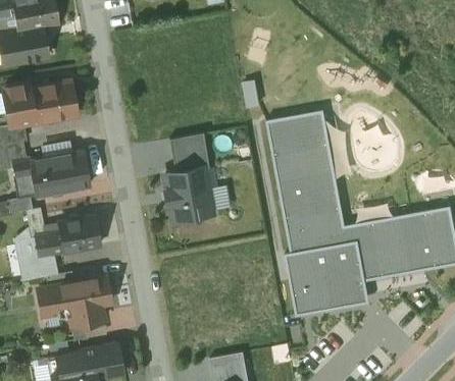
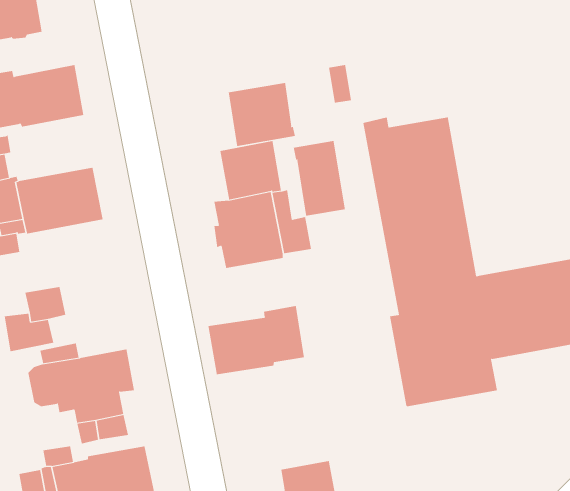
building: none -> [228,82,296,147]
building: none -> [293,140,345,216]
building: [58,216,99,252] -> none
building: none -> [208,305,304,375]

